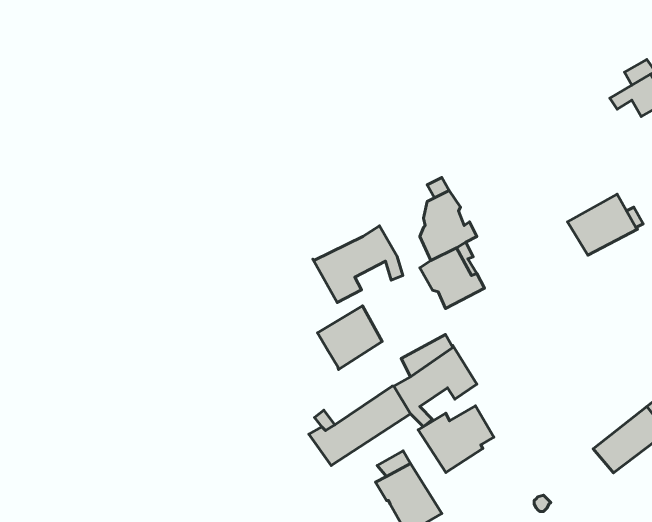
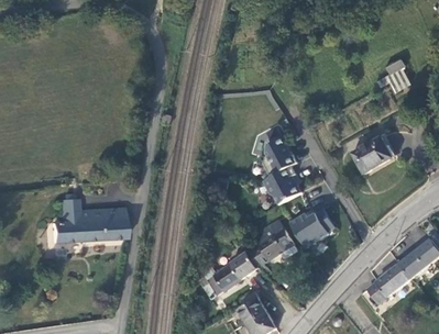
building: [313,226,403,303] -> none
building: none -> [51,200,124,243]
building: [317,306,382,370] -> none
building: [418,406,494,472] -> [289,209,334,248]

